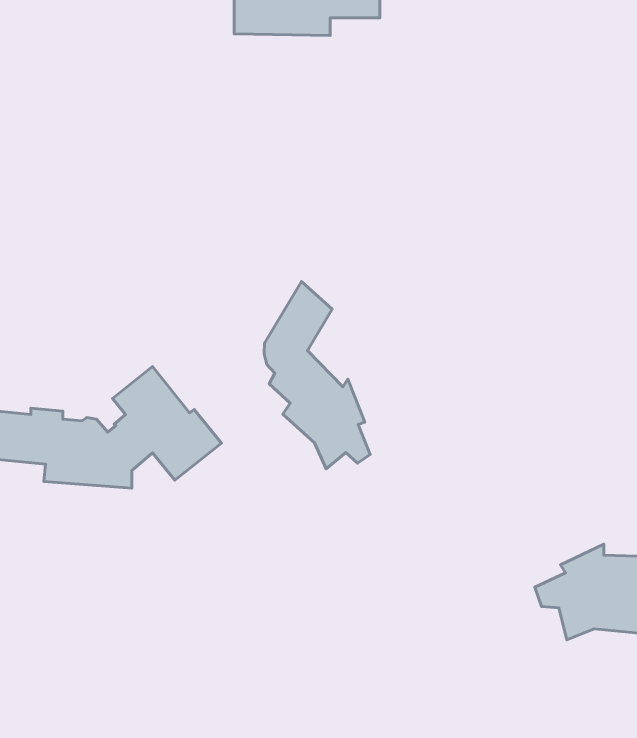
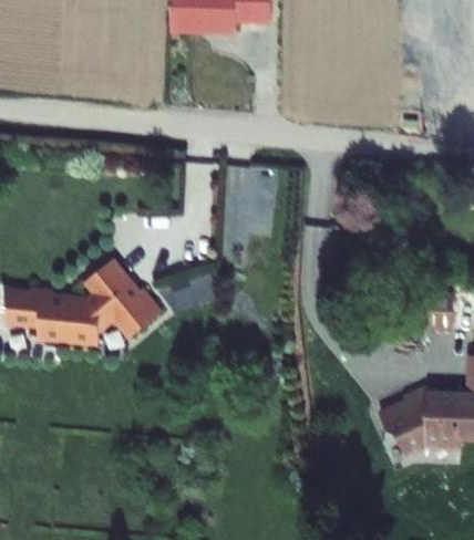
building: [264,281,370,469] -> none

